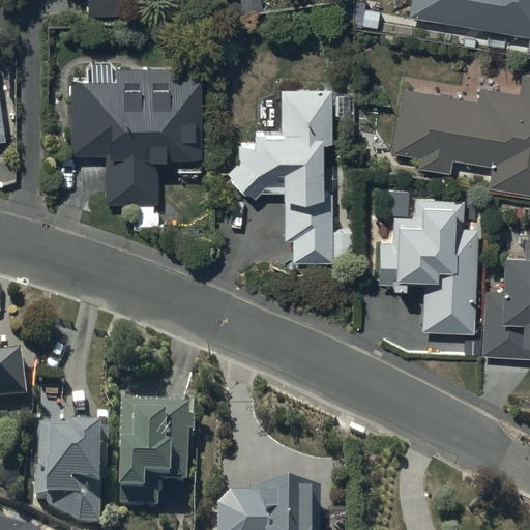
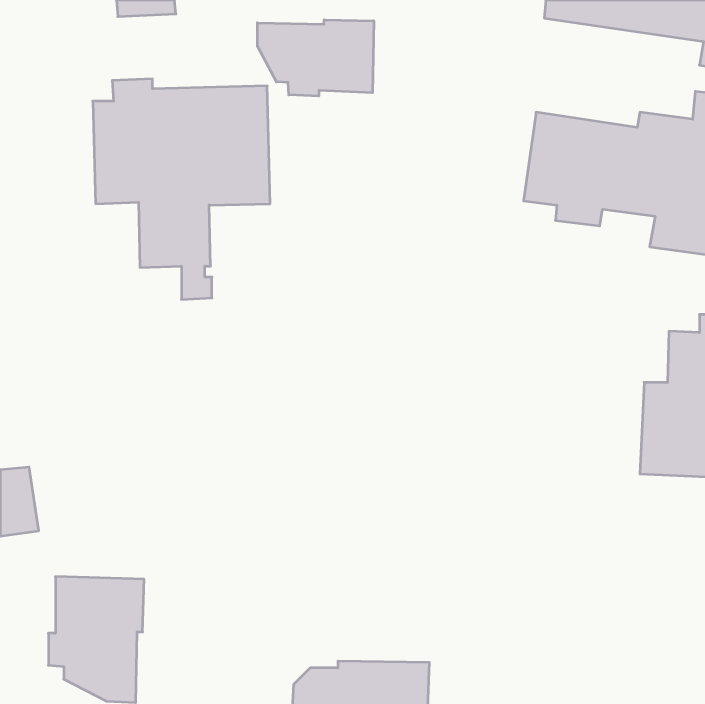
building: none -> [257,20,374,96]
building: [228,89,334,263] -> none
building: [378,199,475,331] -> none
building: [122,409,197,511] -> none

